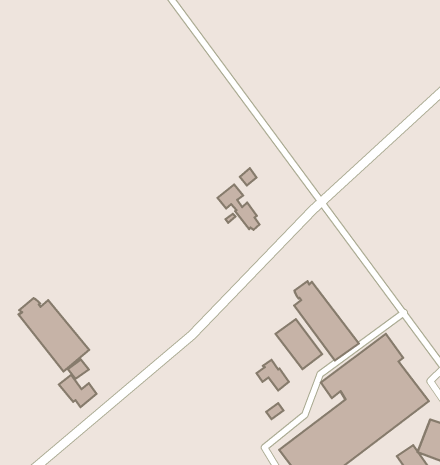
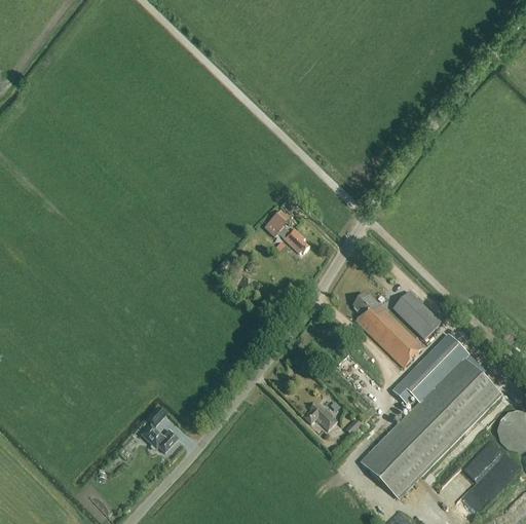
building: [19,298,89,371] -> none
building: [276,319,322,369] -> [391,292,440,339]
building: [256,360,289,391] -> [303,401,336,429]

